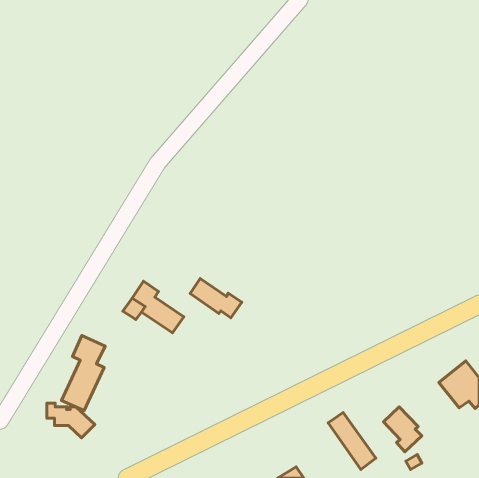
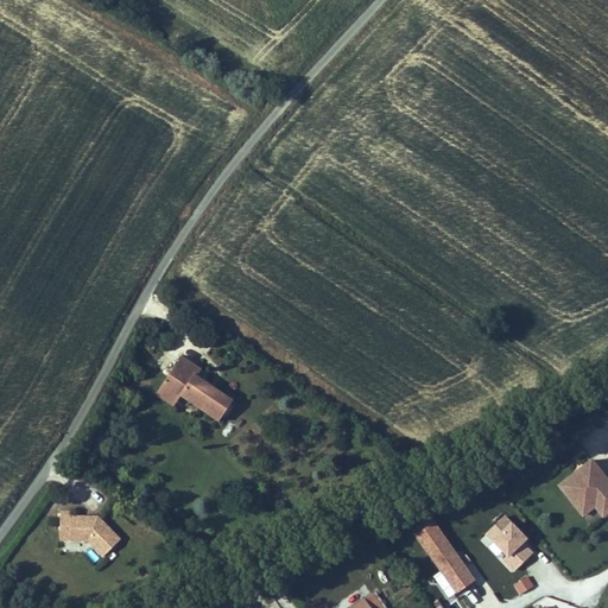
building: [190,279,242,318] -> none
building: [62,335,105,410] -> none

